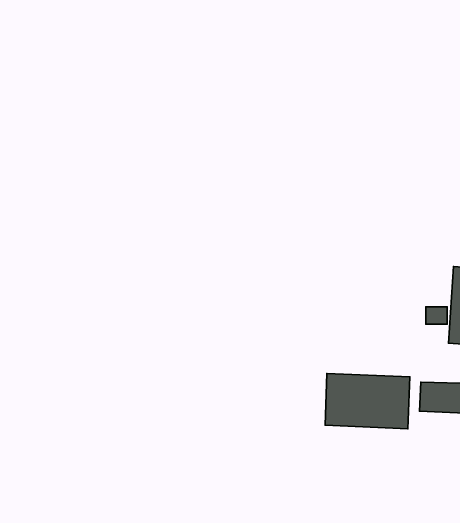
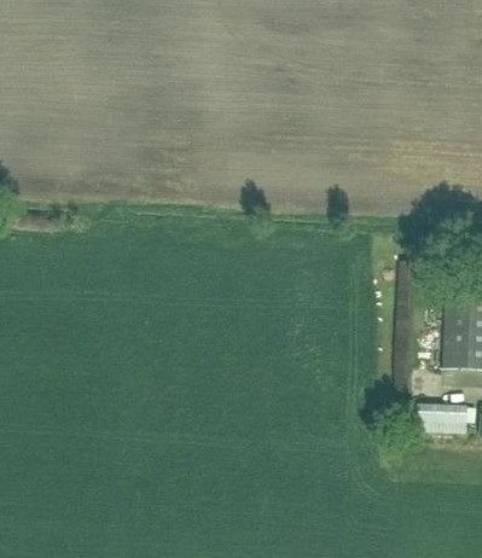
building: [325,374,410,429] -> none

